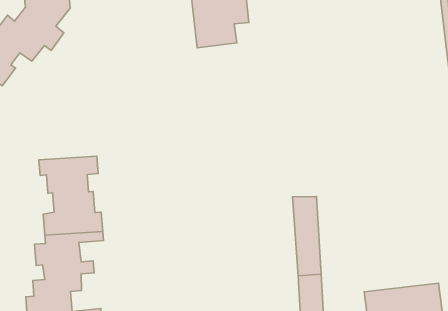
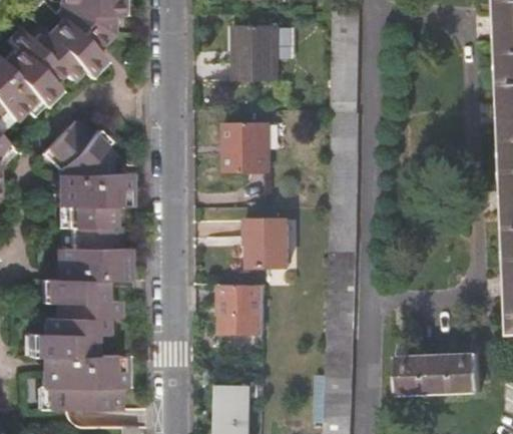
building: none -> [226,123,273,174]
building: none -> [37,120,118,190]
building: none -> [243,222,288,270]
building: none -> [223,285,265,334]

